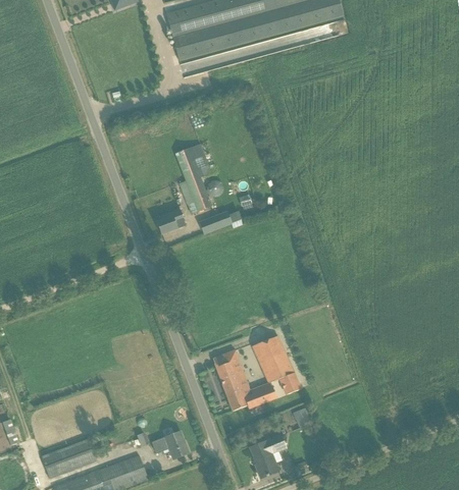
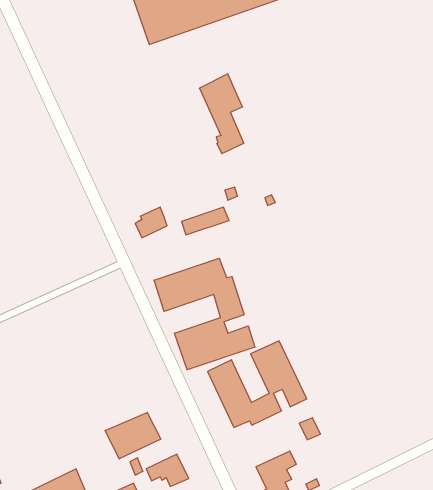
building: [174,143,212,214] -> [199,74,244,154]
building: none -> [154,258,255,370]
building: none -> [105,412,161,459]

